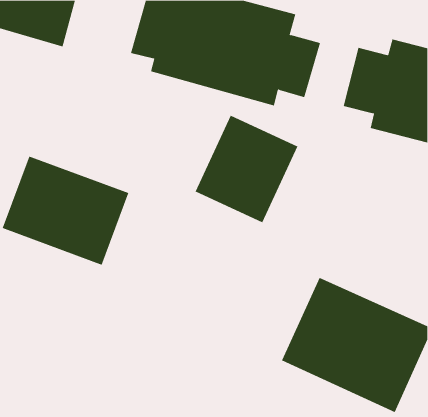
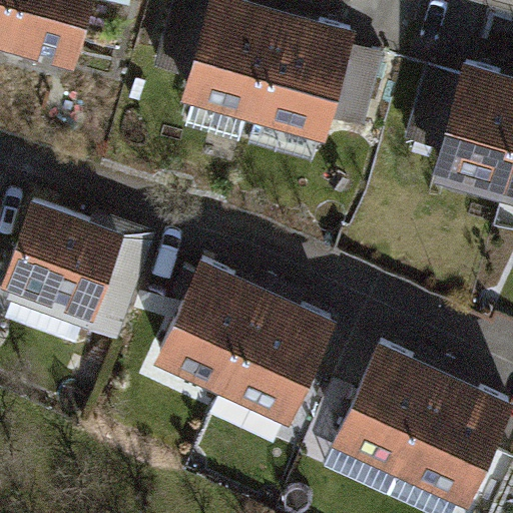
building: [195,115,298,223] -> none
building: none -> [155,264,331,419]

